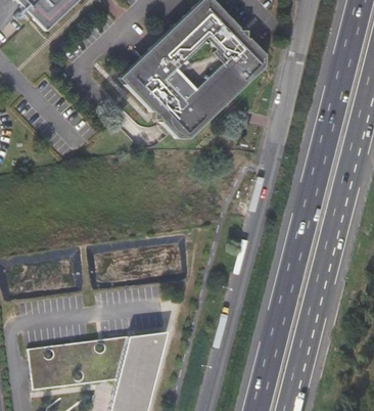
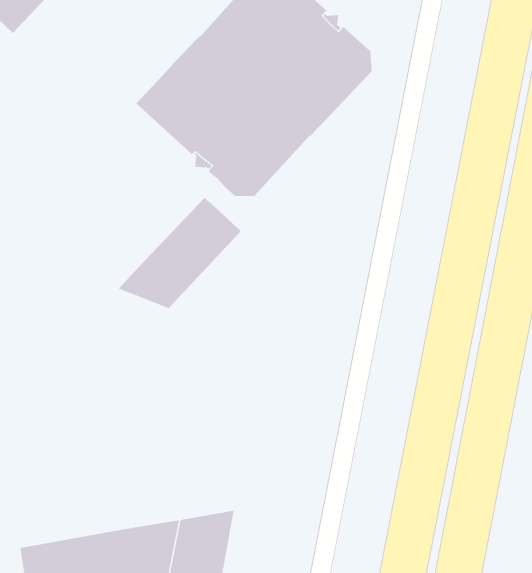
building: none -> [118,197,242,309]

